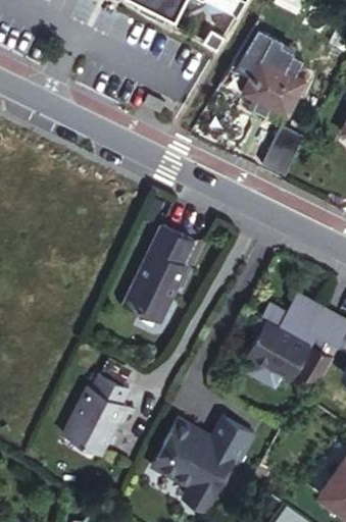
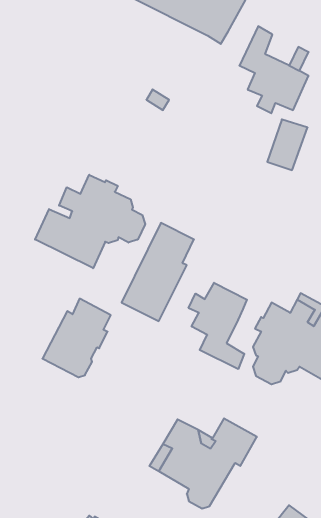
building: none -> [35,175,145,268]
building: none -> [189,283,247,369]
building: [59,374,127,452] -> [42,299,111,377]

